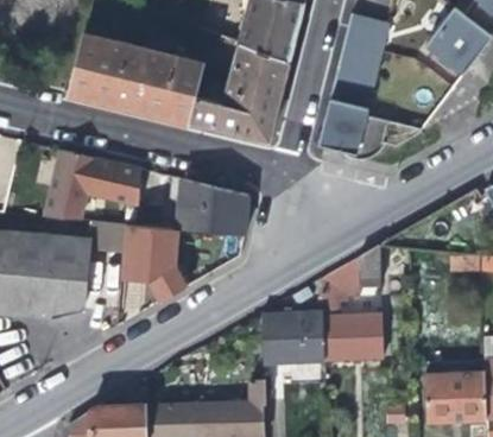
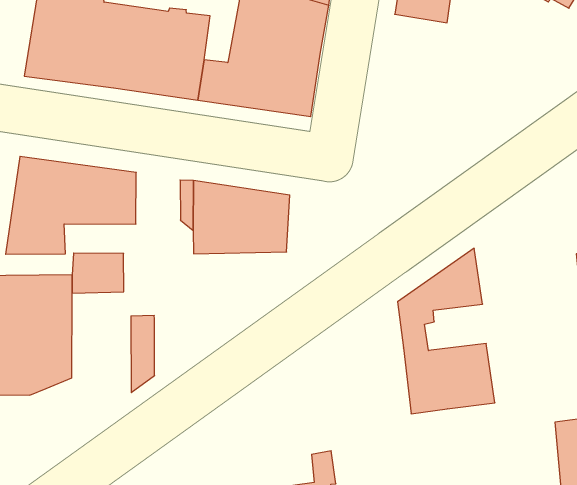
building: [318,72,417,162] -> none
building: [145,232,188,277] -> none
building: [260,311,322,370] -> none

